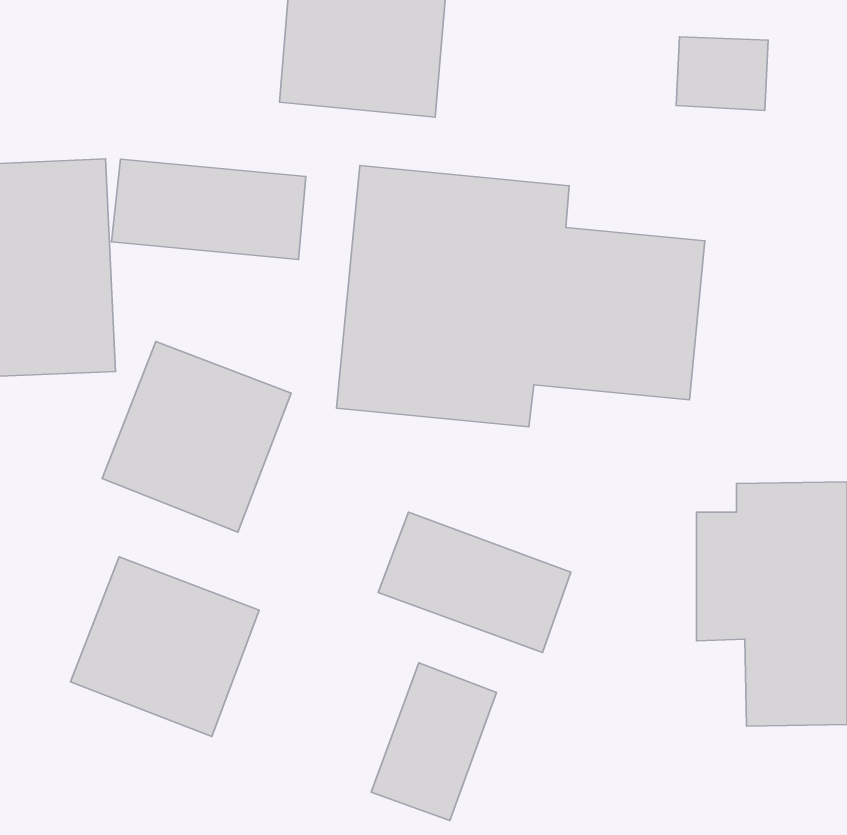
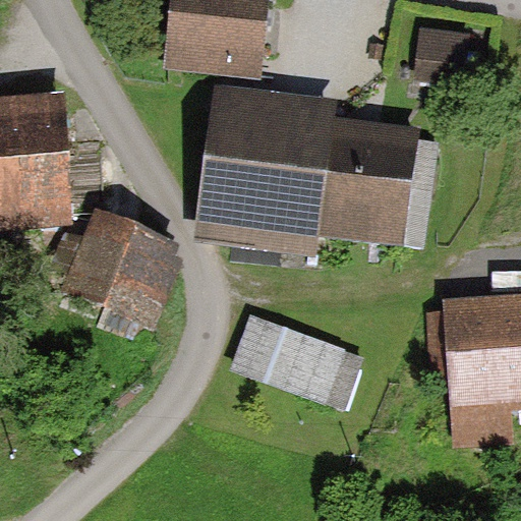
building: [112,159,306,260] -> none
building: [71,557,259,736] -> none
building: [371,663,496,821] -> none

